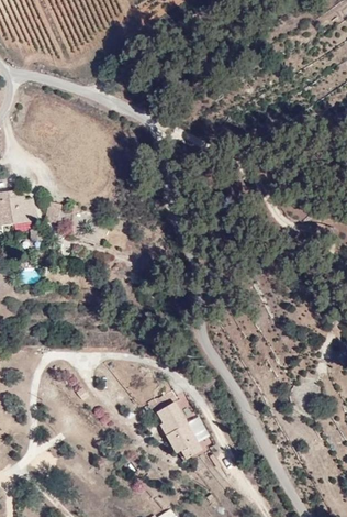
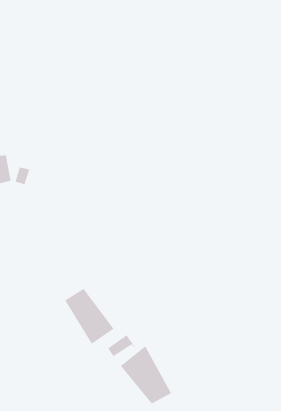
building: none -> [64,288,115,345]

